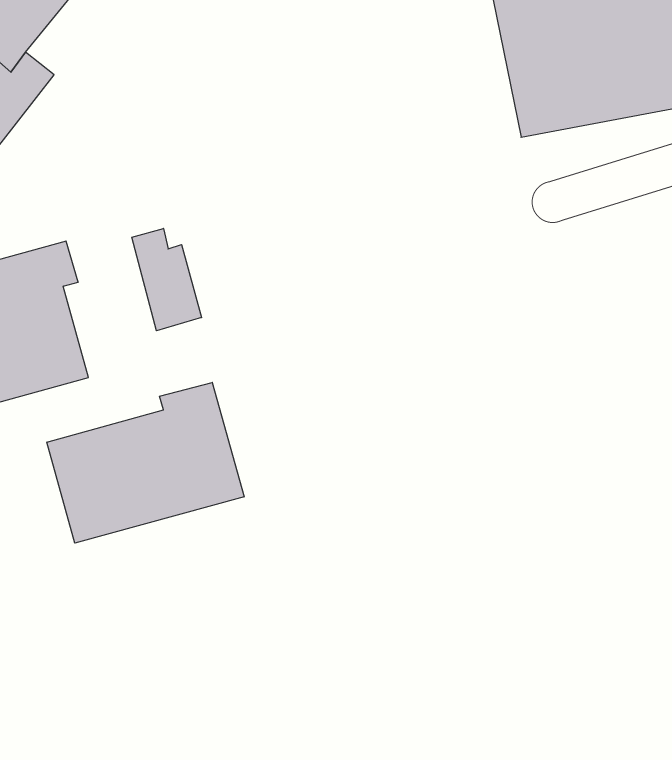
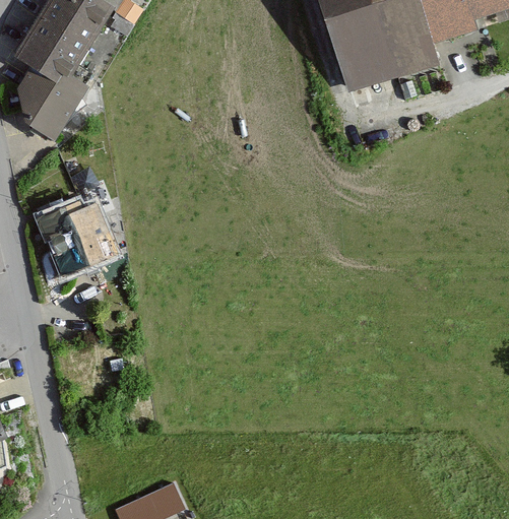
building: [132,228,202,331] -> none
building: [47,382,244,543] -> none

